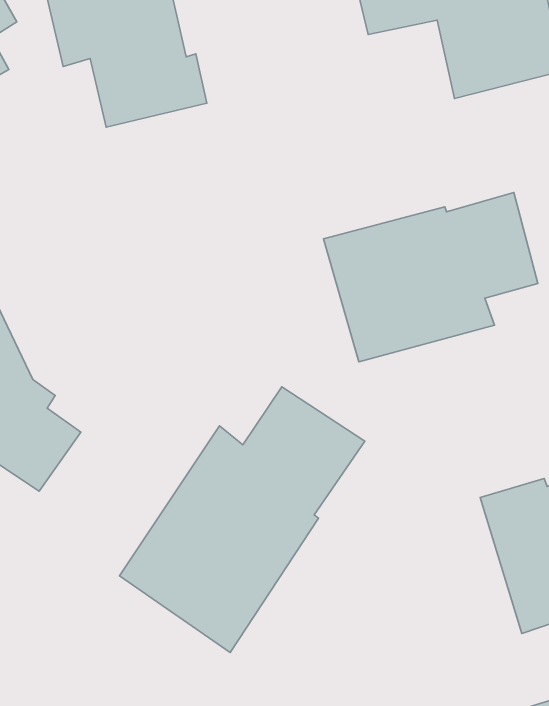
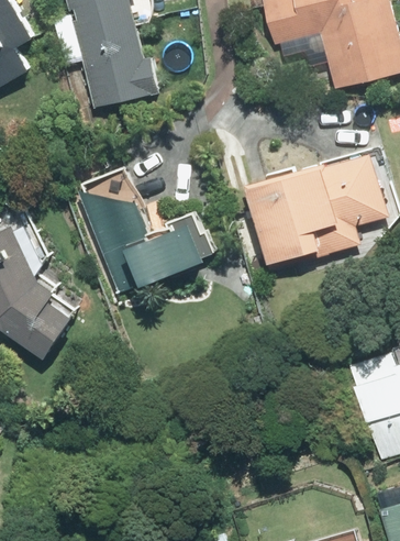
building: none -> [78,167,212,291]
building: [119,387,365,652] -> none

